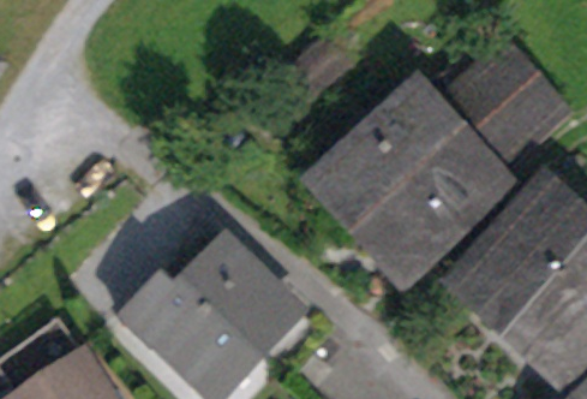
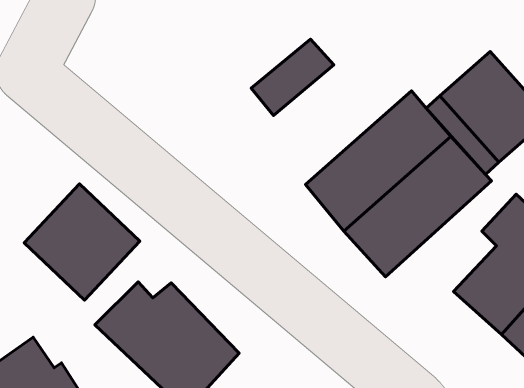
building: none -> [24,184,140,300]
building: [193,244,295,347] -> none

